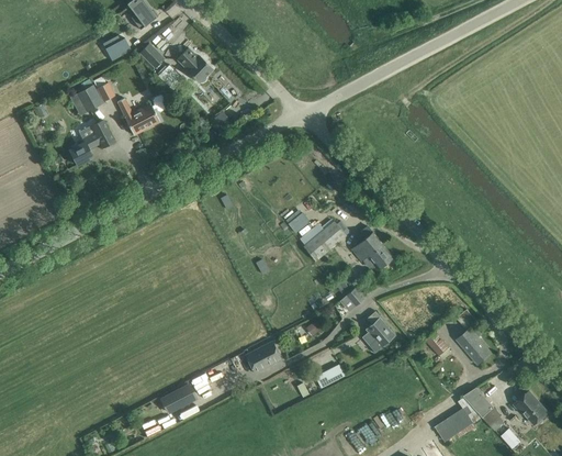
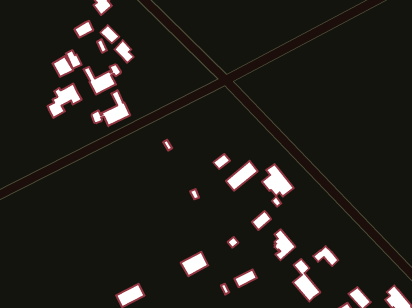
building: [176,47,212,82] -> none
building: none -> [92,90,130,126]
building: [454,309,491,365] -> [293,259,320,302]

